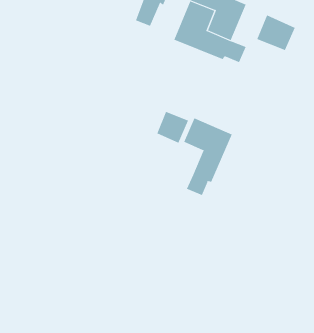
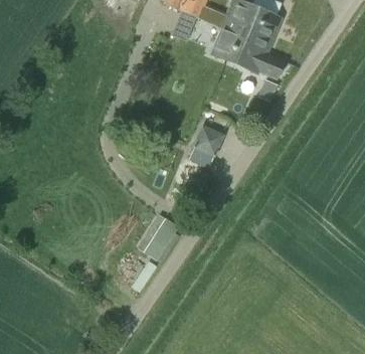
building: [256,15,295,51] -> none
building: [183,118,233,196] -> none

